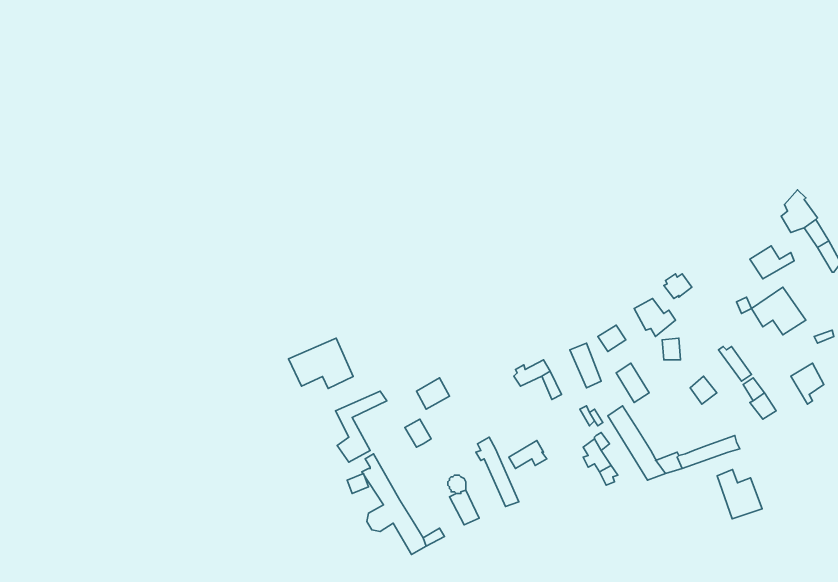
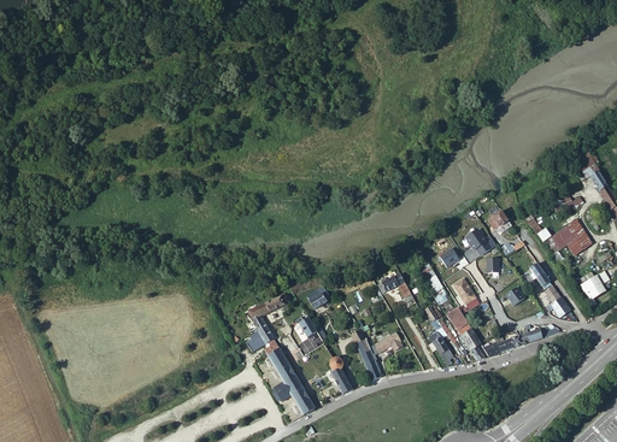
building: [288,338,353,389] -> none
building: [717,469,762,519] -> none

